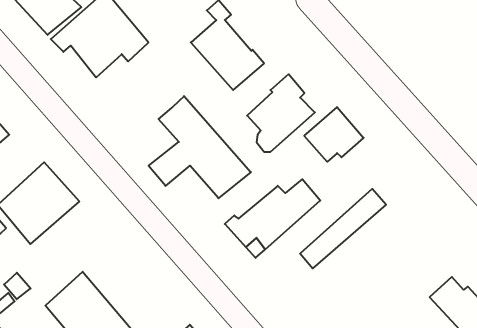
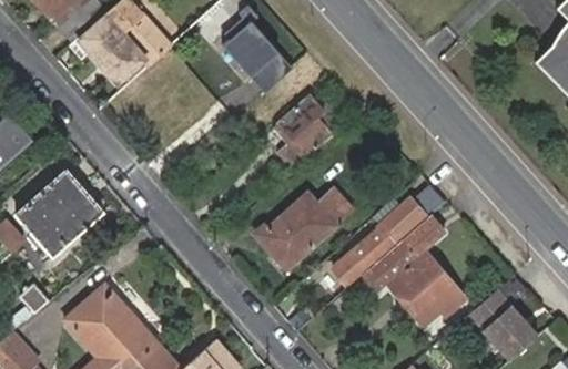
building: [149,96,251,198] -> none
building: [304,107,364,162] -> none
building: none -> [364,214,464,319]

